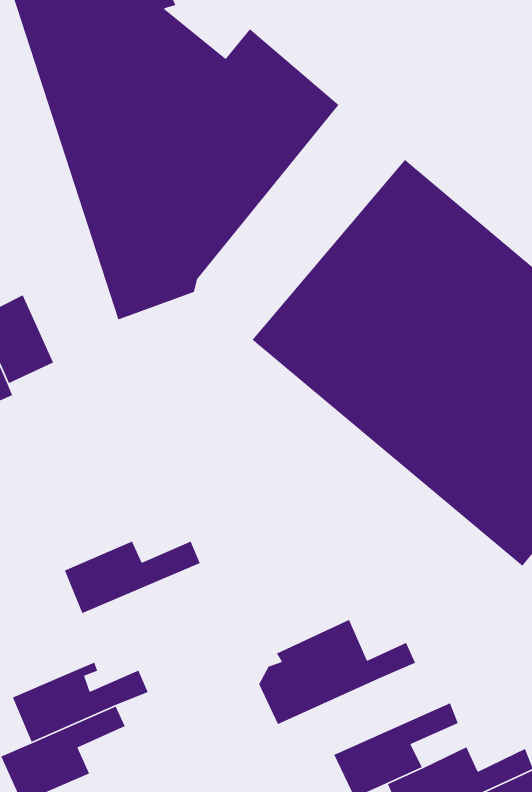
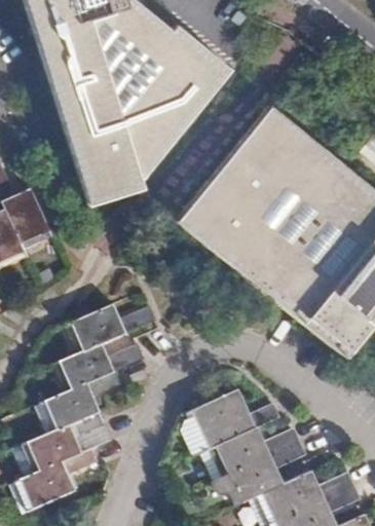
building: none -> [68,303,155,352]
building: none -> [43,370,122,429]
building: none -> [215,430,301,479]

